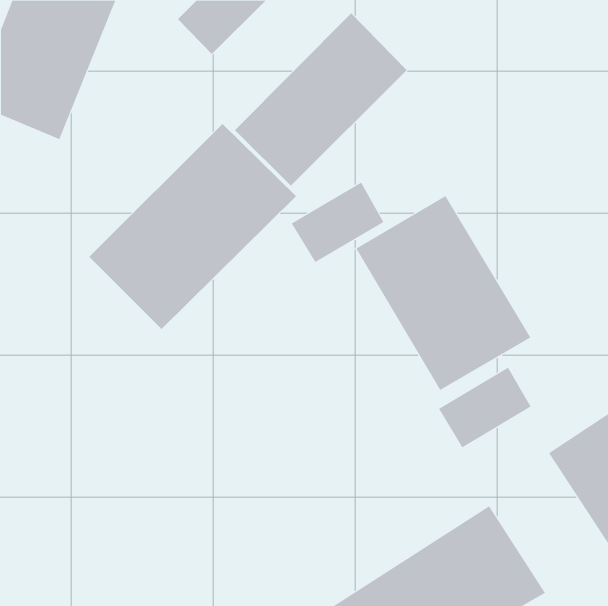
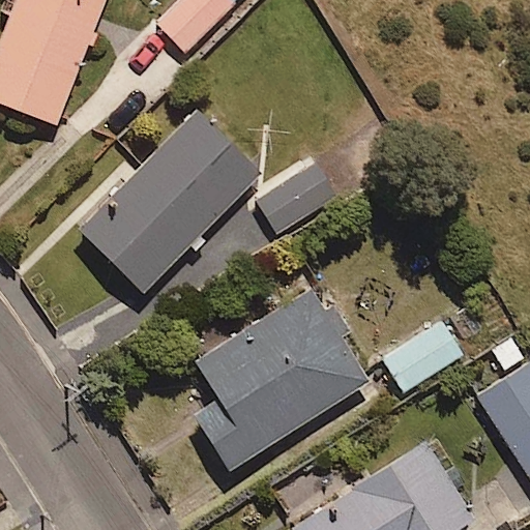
building: [234,13,408,187] -> none
building: [356,195,531,391] -> none
building: none -> [196,289,367,465]

